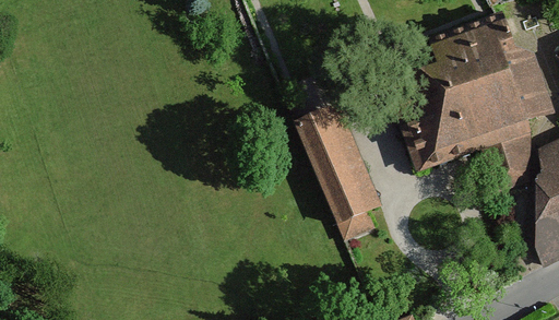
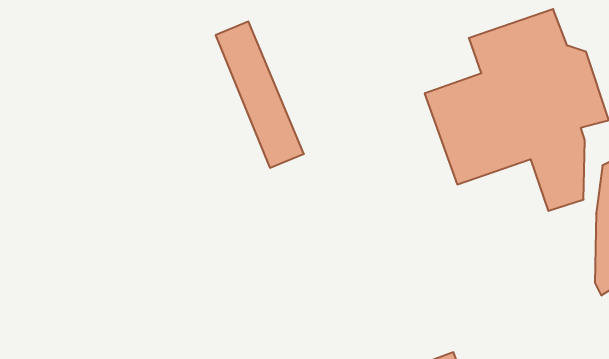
building: [296,112,372,239] -> [216,21,304,168]

